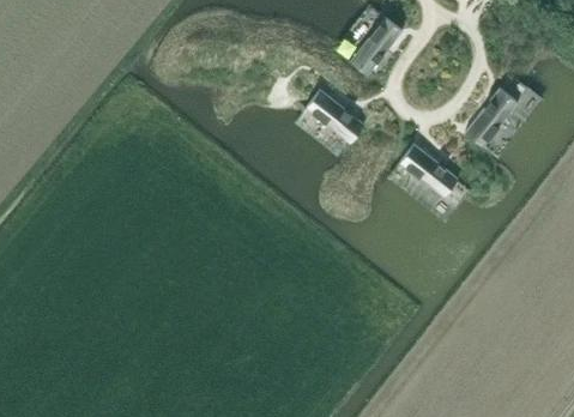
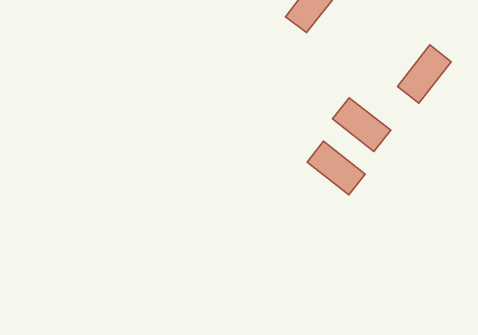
building: [307,91,365,144] -> none
building: none -> [307,141,365,195]

